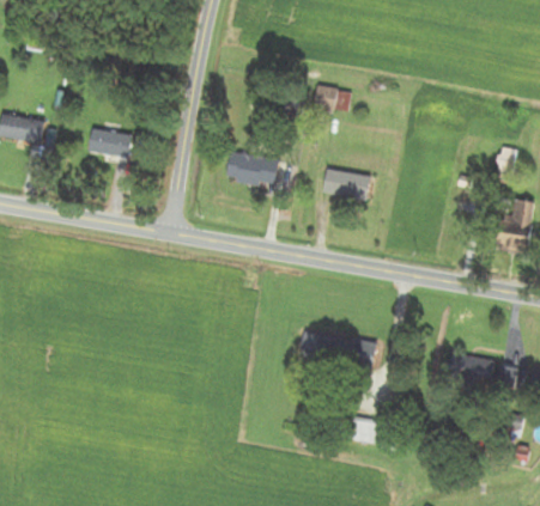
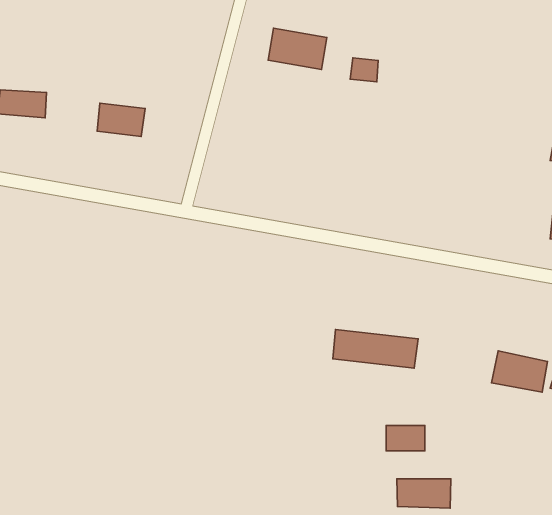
building: [226,150,279,187] -> [268,28,327,70]
building: [323,170,370,199] -> none
building: none -> [397,479,451,508]

